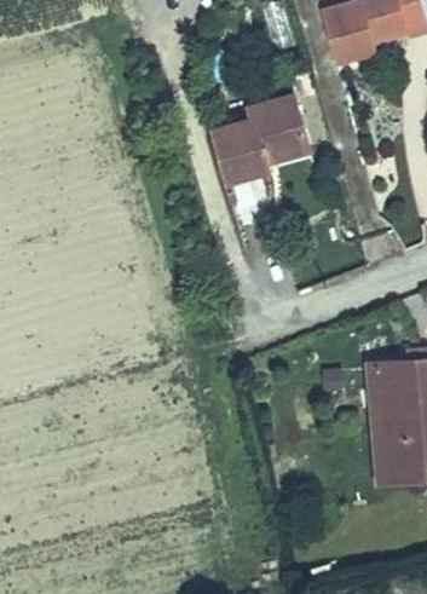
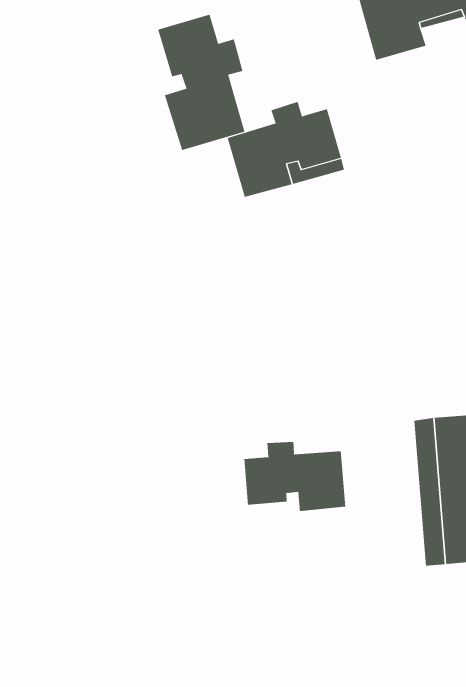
building: none -> [157,14,245,151]
building: none -> [244,441,346,512]

